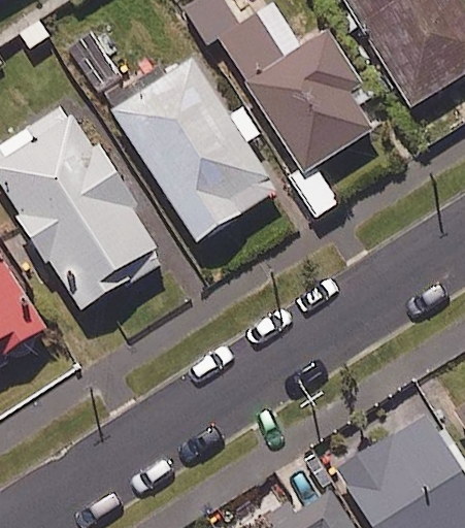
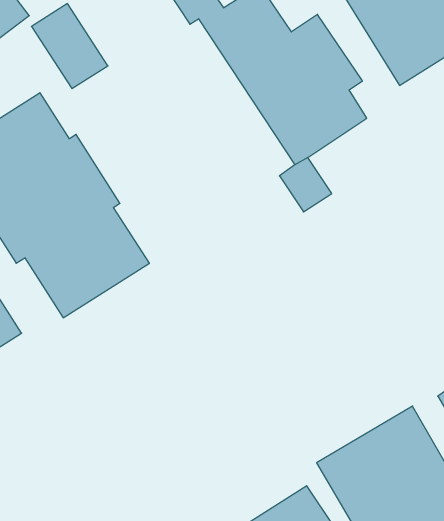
building: [111,59,283,245] -> none

